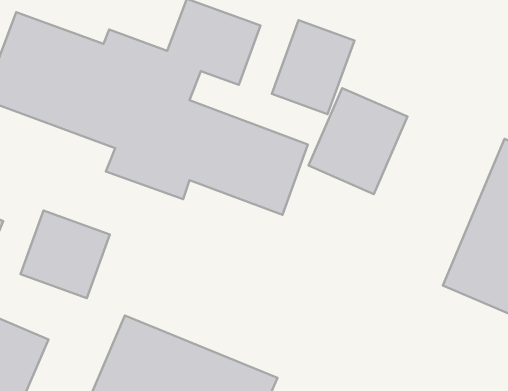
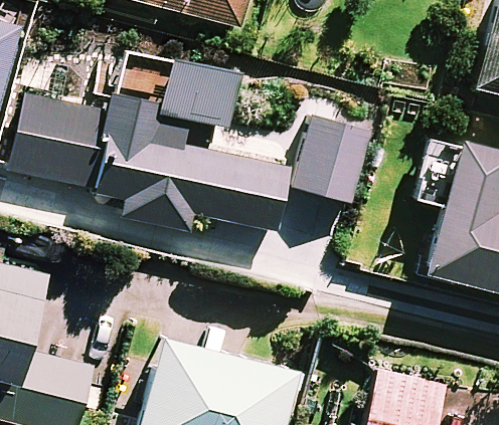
building: [272,20,354,114] -> none
building: [20,211,110,298] -> none

